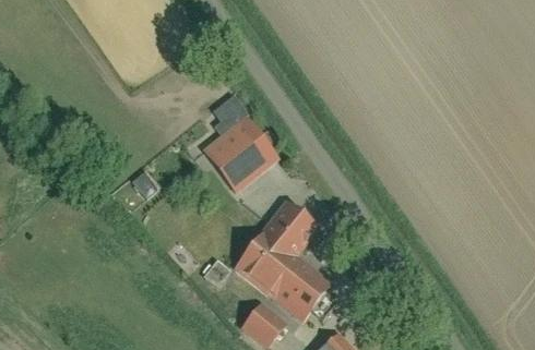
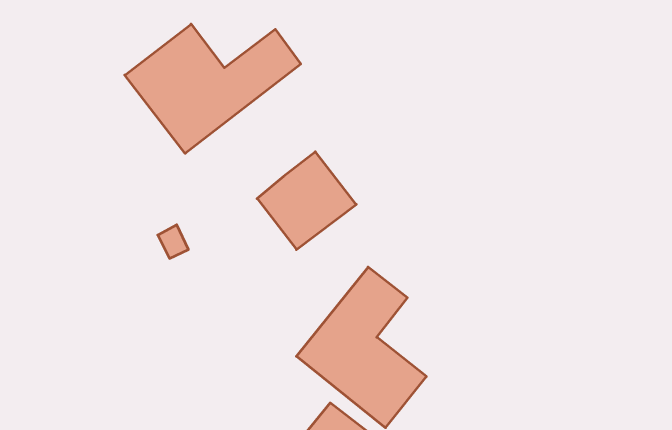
building: none -> [125,24,301,153]
building: [212,95,249,135] -> none

